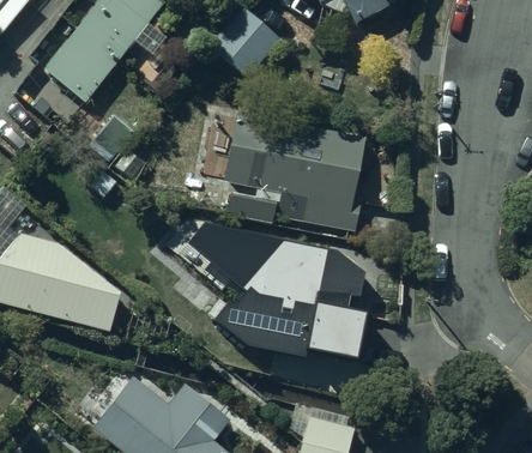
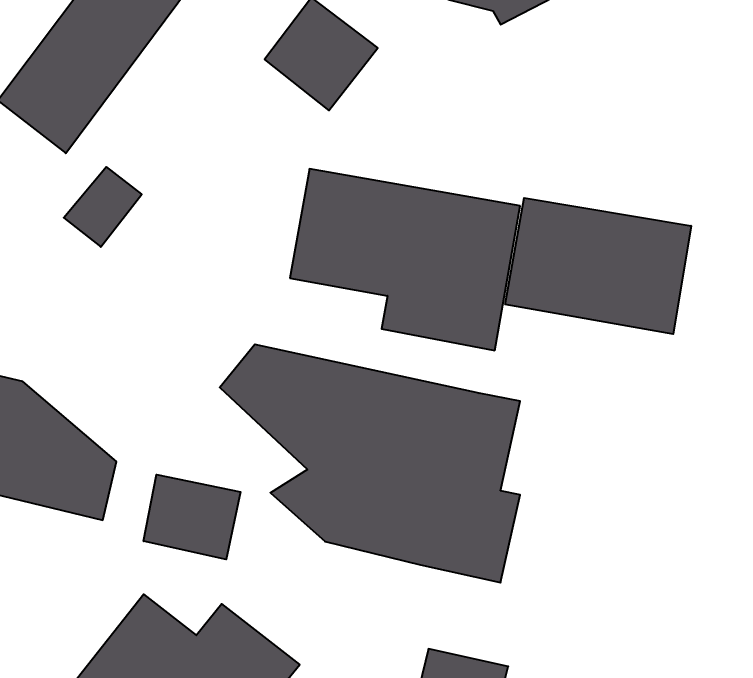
building: none -> [505,198,691,334]
building: none -> [144,475,241,559]

